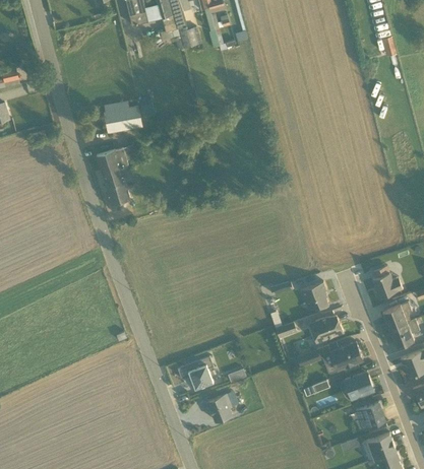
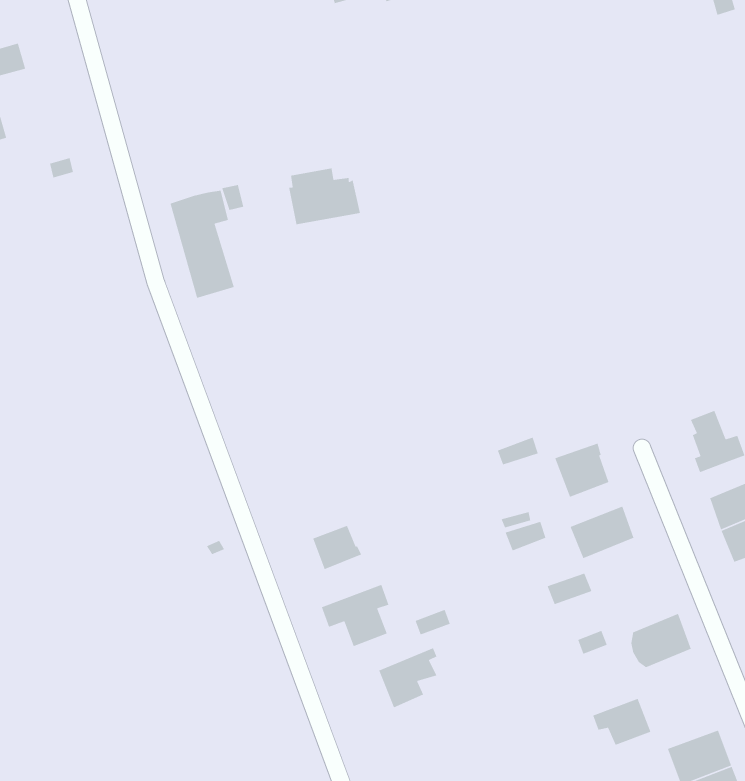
building: [104,99,142,130] -> [288,168,361,225]
building: none -> [312,525,362,570]
building: [329,341,363,370] -> none
building: [355,402,386,427] -> [592,698,652,746]

